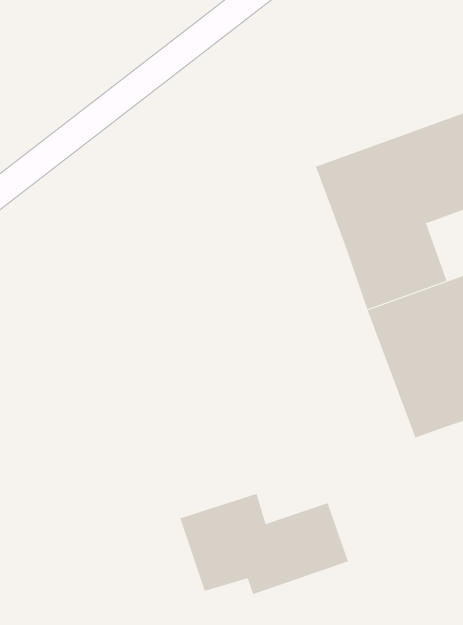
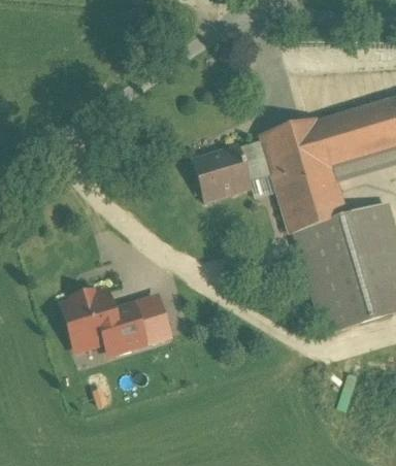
building: none -> [192,137,276,205]
building: [180,493,349,595] -> [58,285,175,356]

